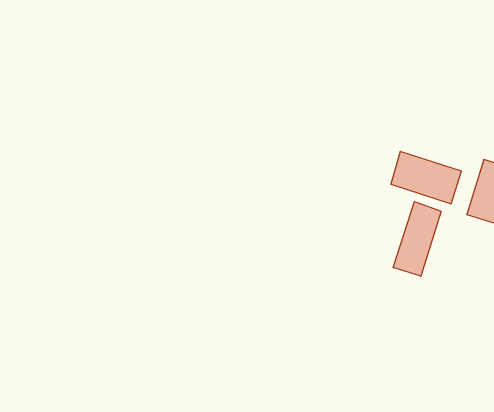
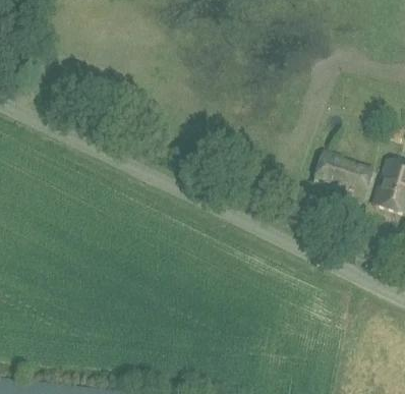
building: [393,201,441,276] -> none

